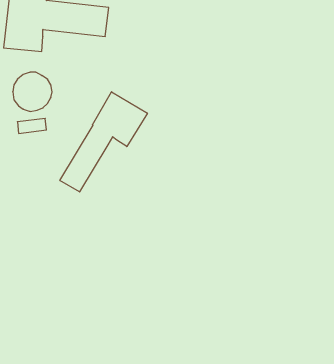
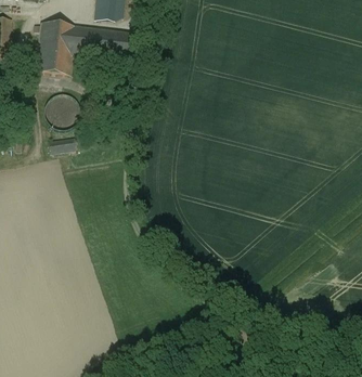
building: [60,92,147,192] -> none

